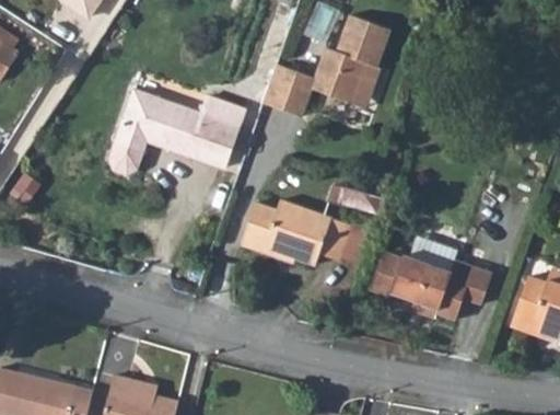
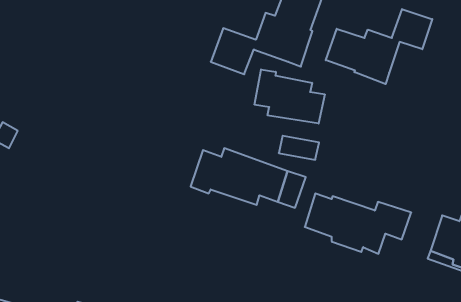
building: none -> [326,9,432,84]
building: [107,91,243,176] -> none
building: none -> [255,69,325,124]

